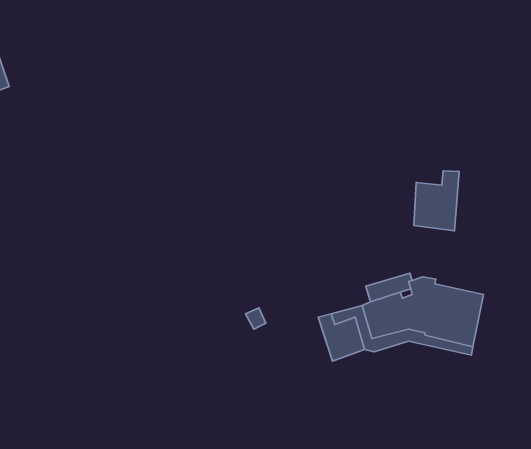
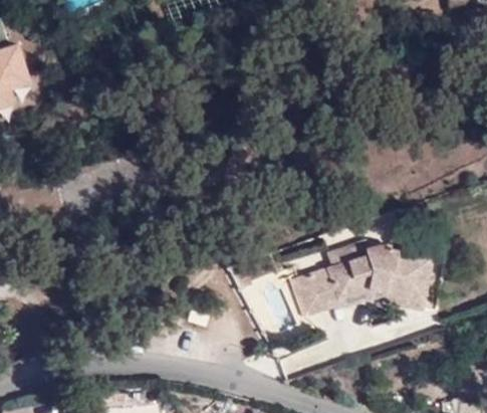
building: [414,171,459,231] -> none

